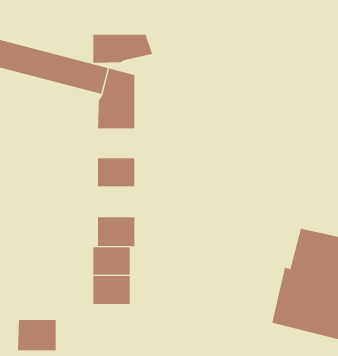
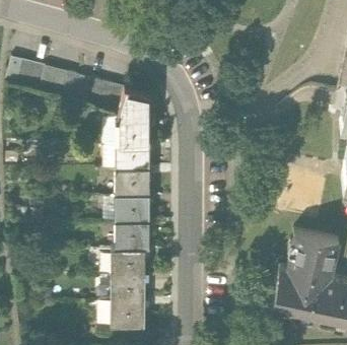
building: [93,34,153,64] -> none
building: none -> [116,140,149,165]
building: none -> [116,191,149,217]
building: [17,320,56,351] -> [111,294,145,322]

